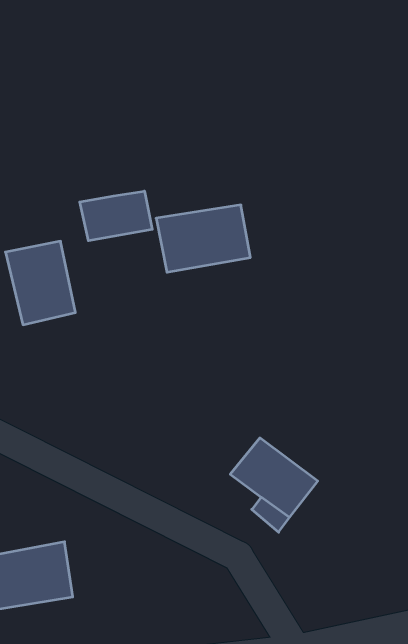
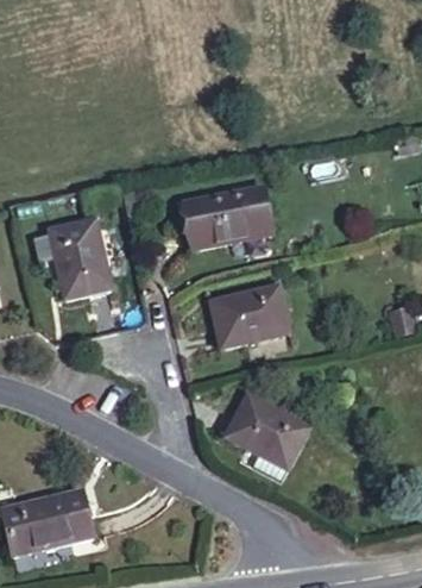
building: [80,191,152,241] -> none
building: none -> [210,288,290,345]

